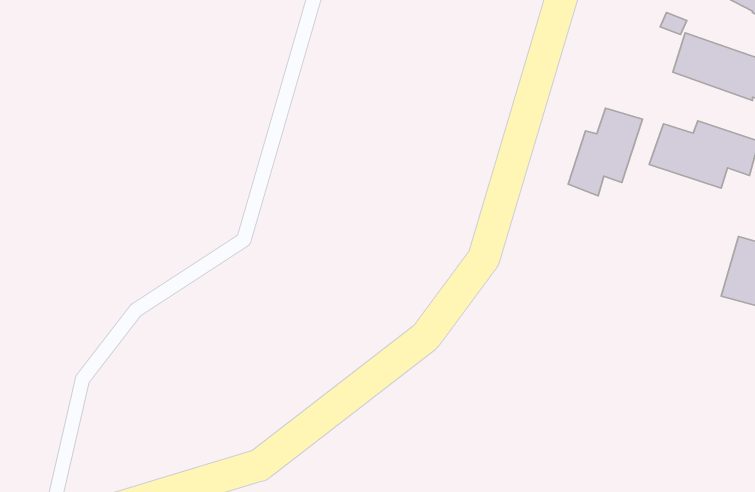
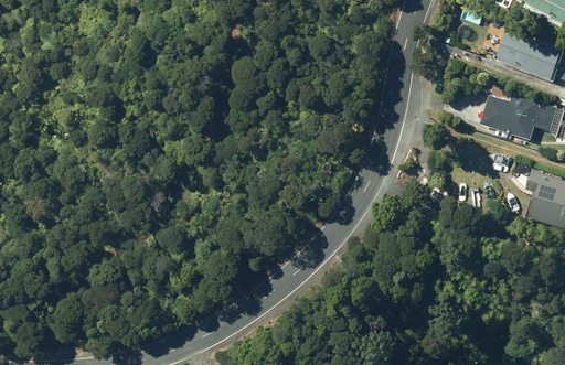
building: [568,108,642,196] -> none

